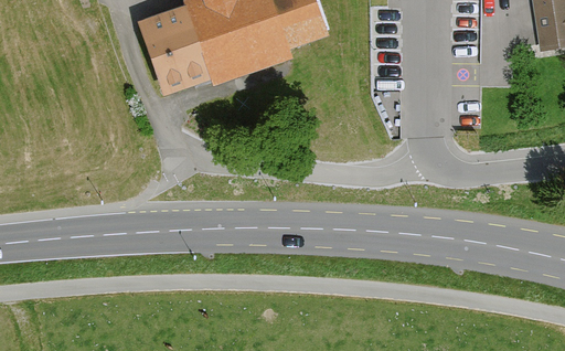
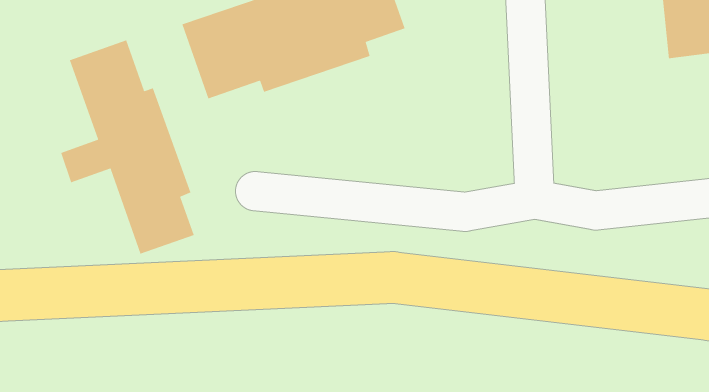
building: none -> [61,40,194,255]

